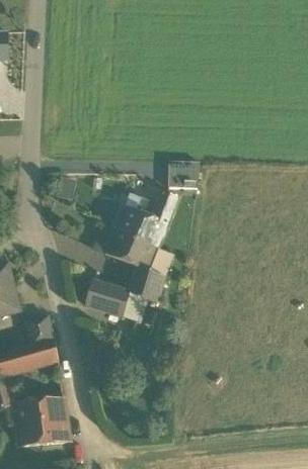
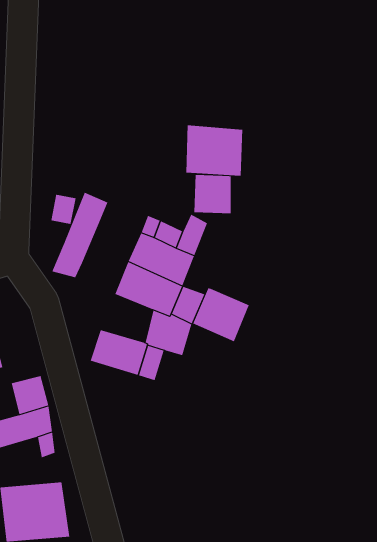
building: none -> [186,125,243,176]
building: none -> [51,192,108,278]
building: none -> [192,288,249,342]

